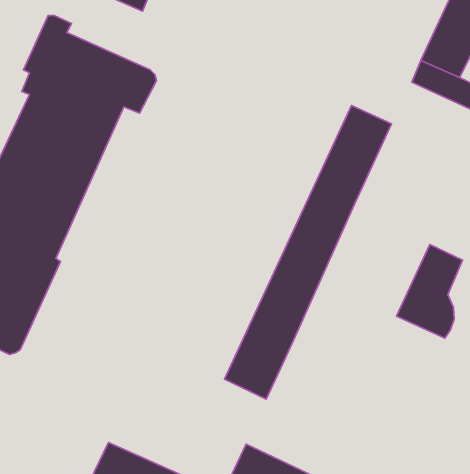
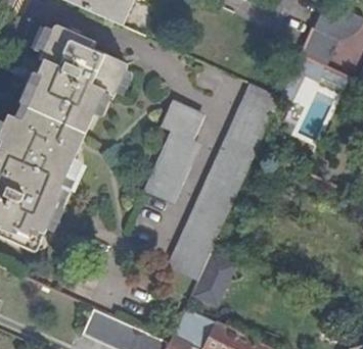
building: none -> [142,100,199,202]
building: [397,244,463,338] -> none
building: none -> [191,253,235,305]

